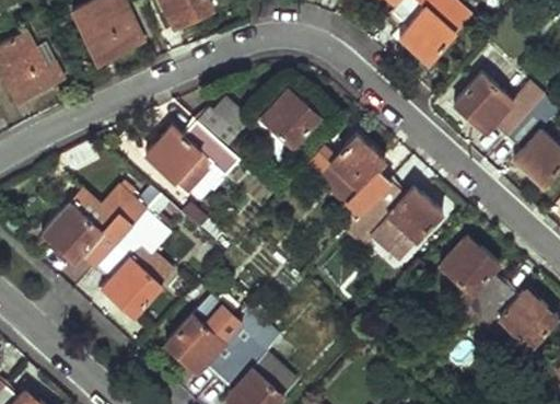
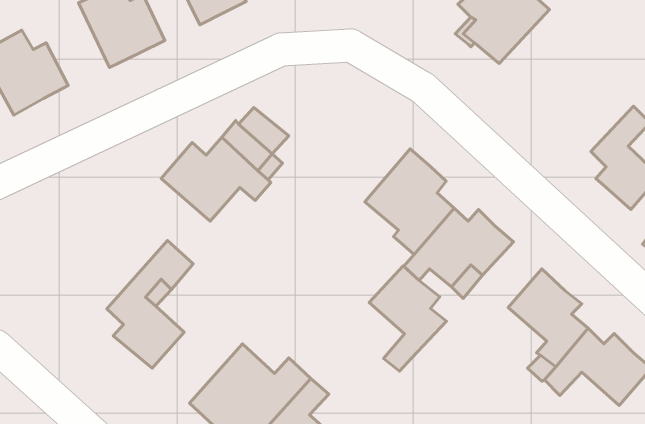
building: [452,73,542,135] -> none
building: [258,90,317,148] -> none
building: [40,186,148,268] -> none
building: none -> [369,266,447,371]

